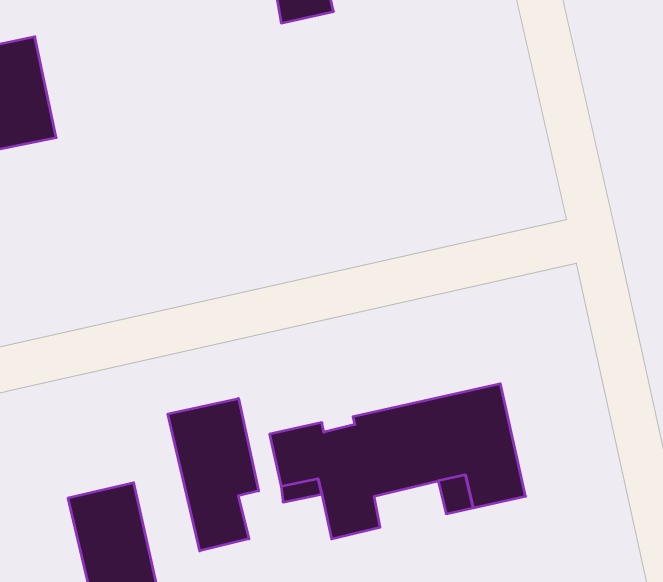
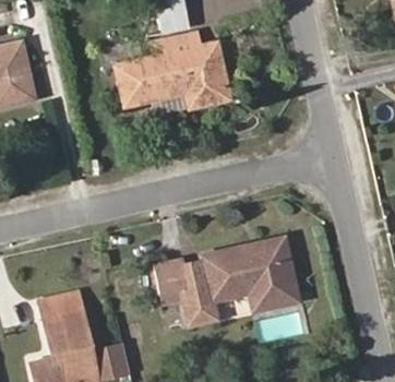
building: none -> [117,34,230,118]
building: [168,398,259,551] -> none

